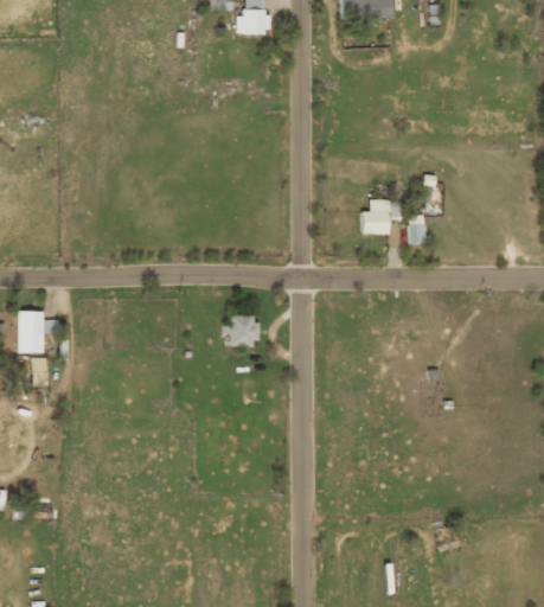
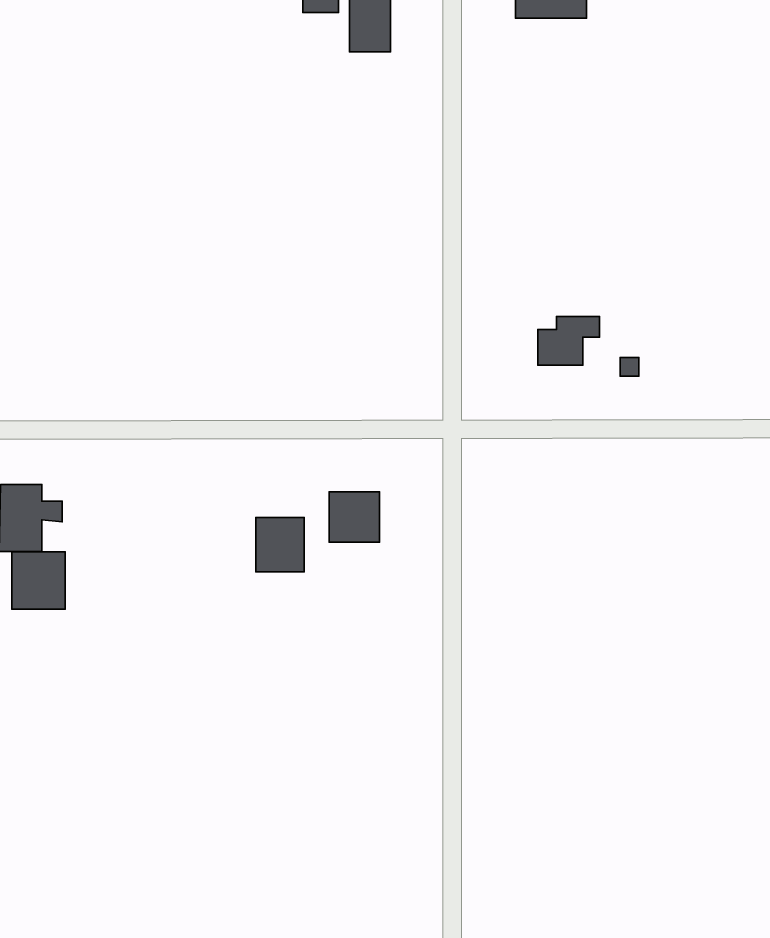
building: none -> [256,517,304,572]
building: none -> [12,552,65,609]

